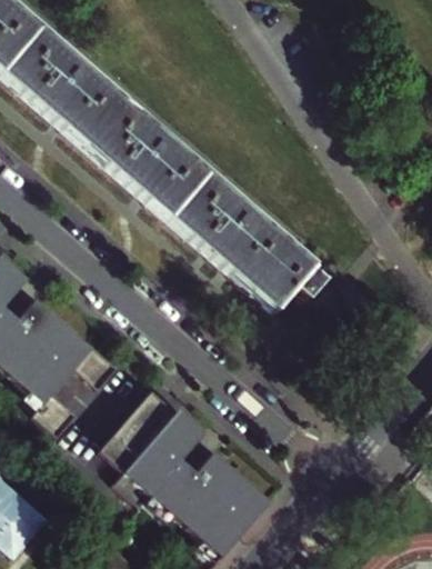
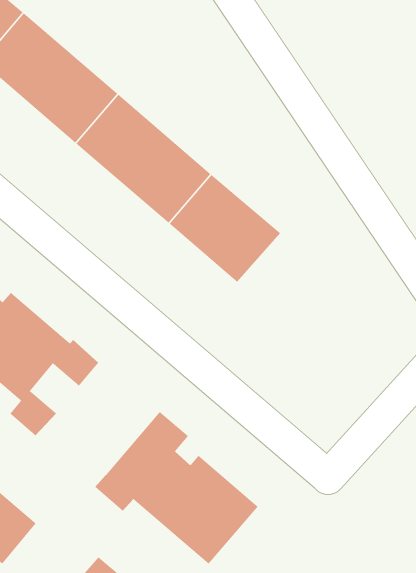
building: [249,244,328,313] -> none
building: [100,391,175,472] -> none

